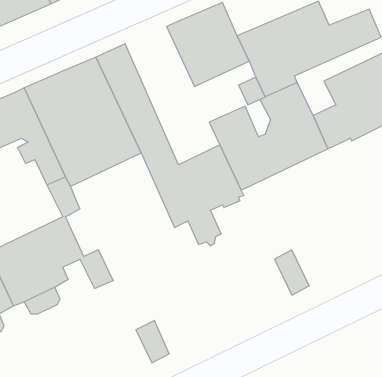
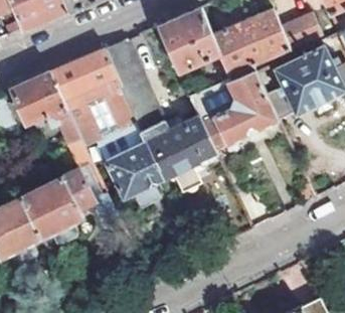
building: none -> [96,123,163,211]

